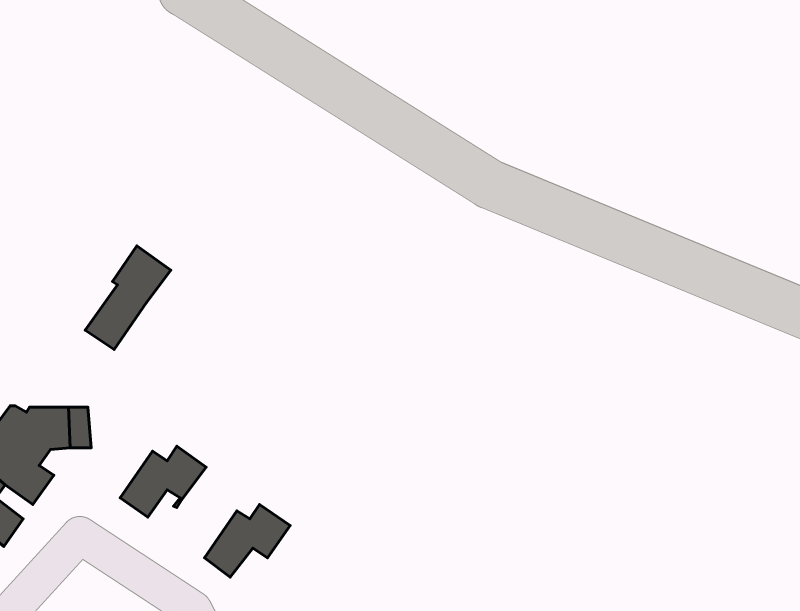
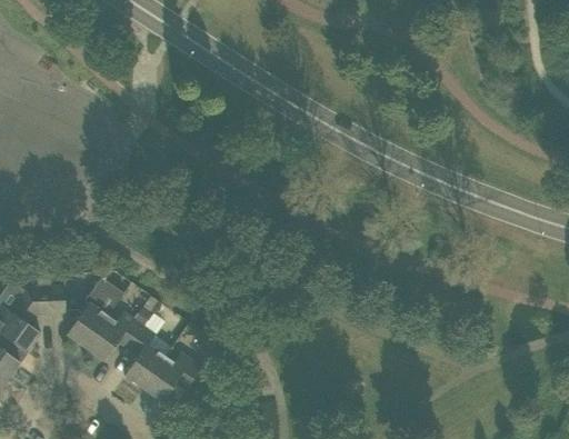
building: [85,246,171,350] -> [66,277,124,348]
building: none -> [123,327,171,389]

